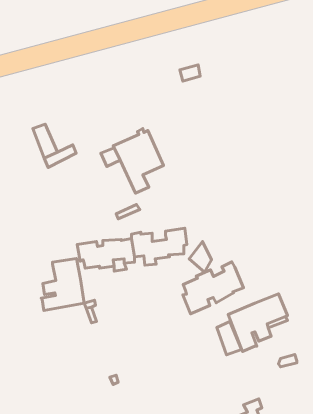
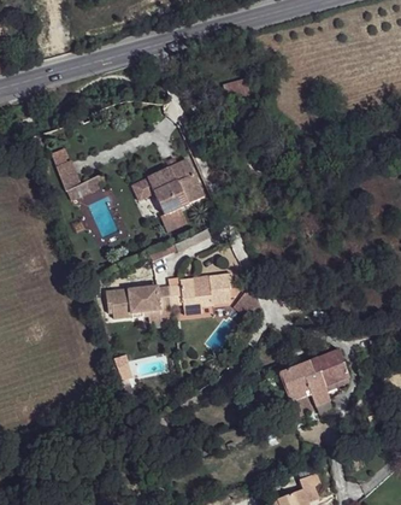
building: [41,259,84,311] -> none
building: [183,262,244,314] -> none
building: [217,322,242,355] -> none

